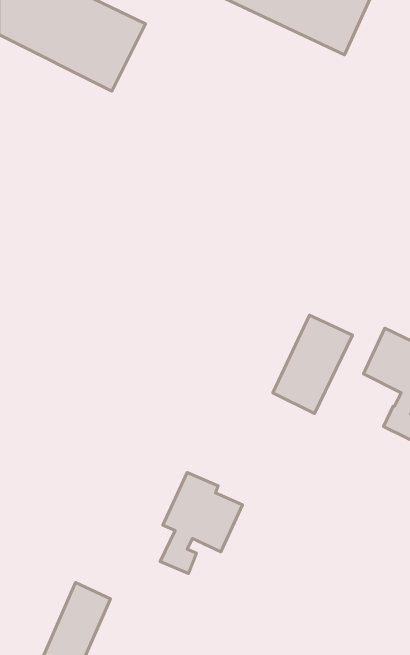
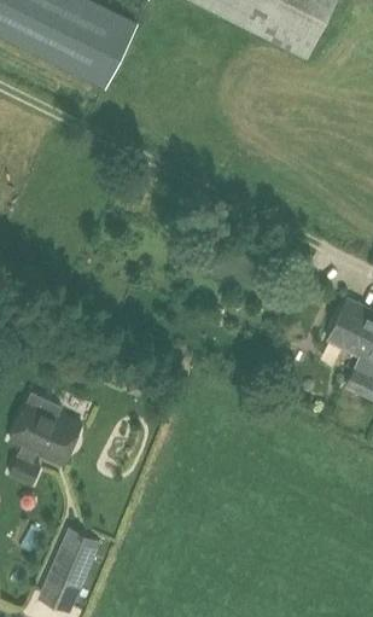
building: [273,315,352,413] -> none
building: [160,473,242,574] -> [7,394,81,484]

